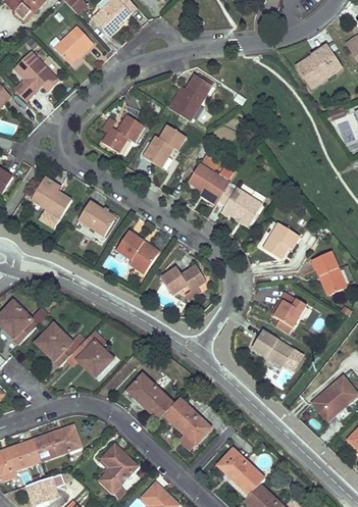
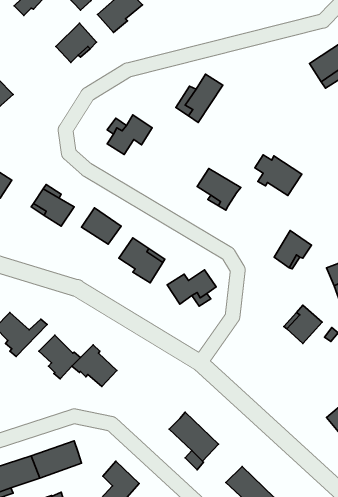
building: [15,51,59,100] -> none
building: [144,125,188,168] -> none
building: [218,188,263,226] -> [255,155,302,195]
building: [252,331,293,366] -> none
building: [124,372,172,419] -> none

